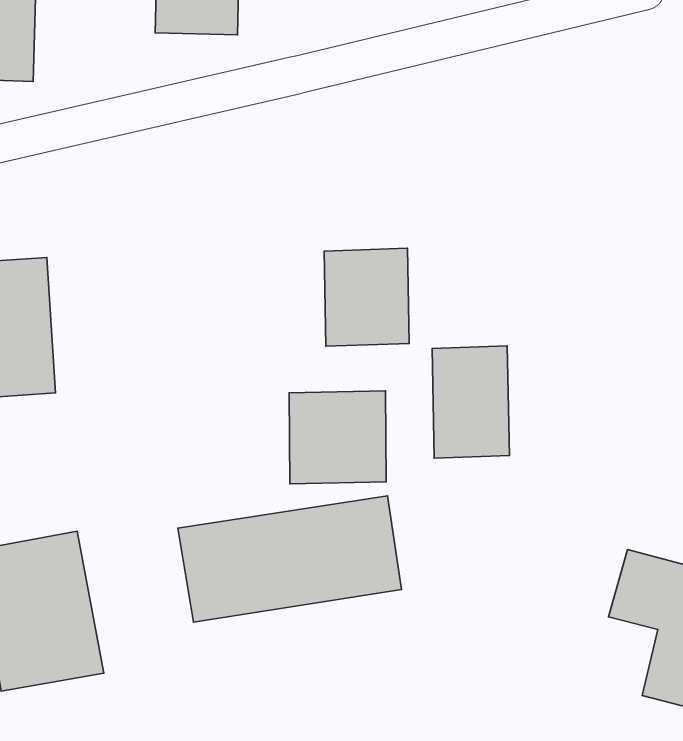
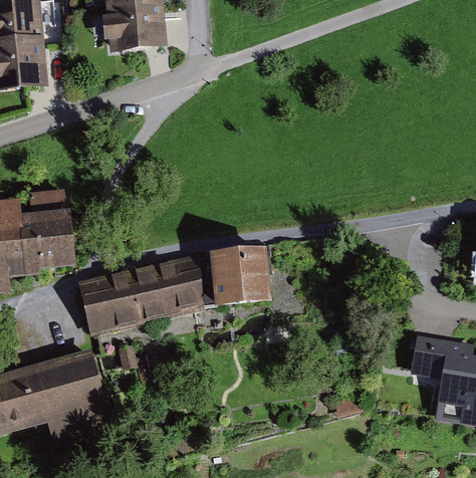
building: [324,248,409,346] -> none
building: [432,346,509,458] -> none
building: [178,496,402,622] -> [77,250,214,335]

